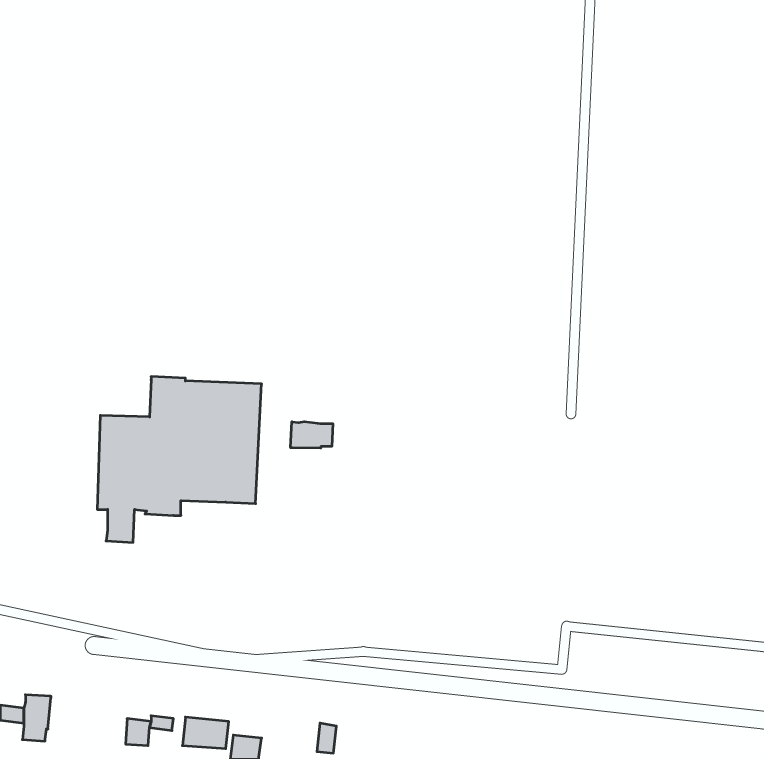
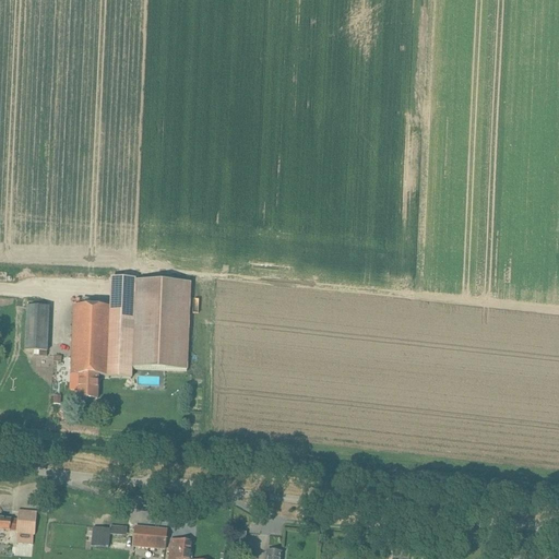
building: none -> [25,305,49,348]
building: [291,422,333,448] -> none

